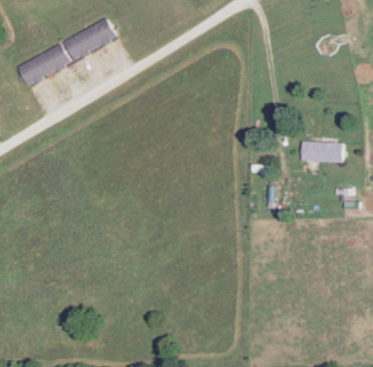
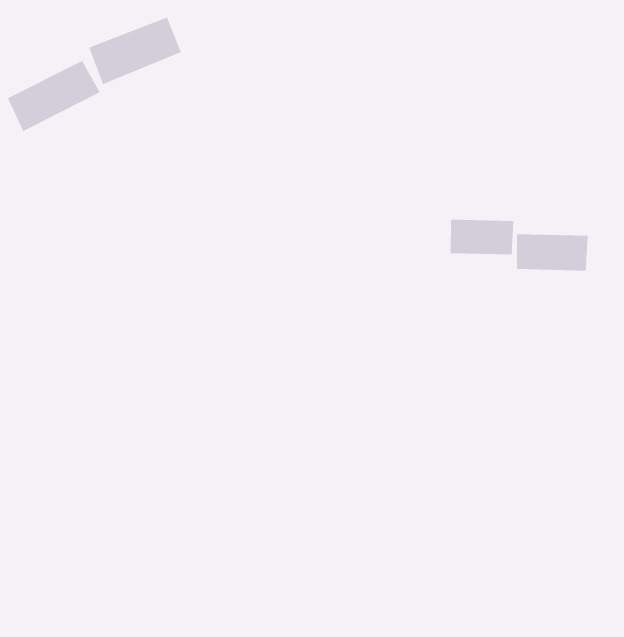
building: none -> [450,219,514,255]

